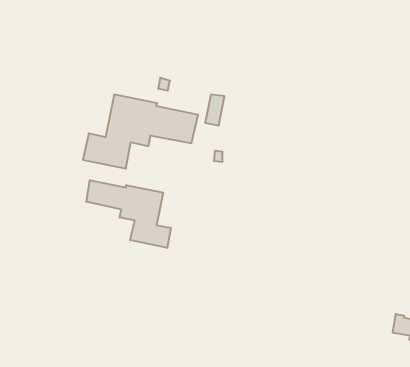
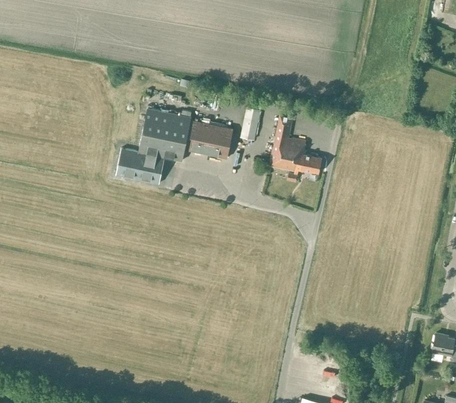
building: none -> [269,115,323,182]
building: [86,180,171,248] -> none

